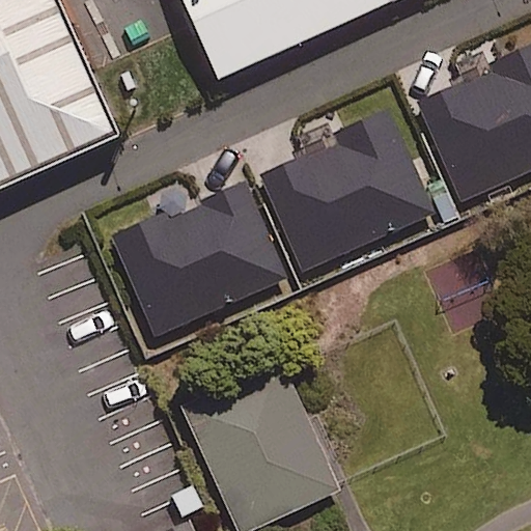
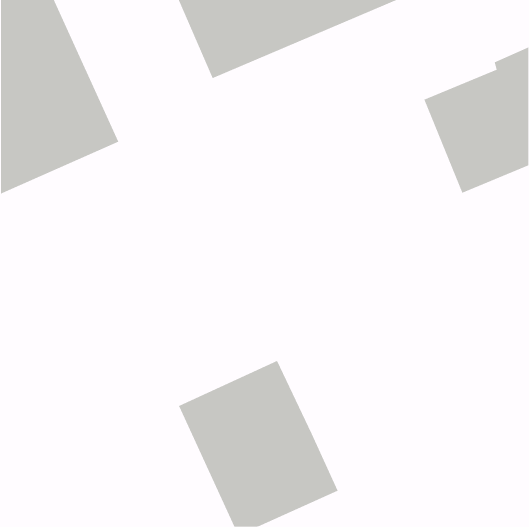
building: [264,111,431,266] -> none
building: [114,186,284,333] -> none

